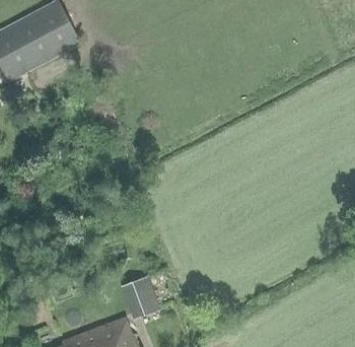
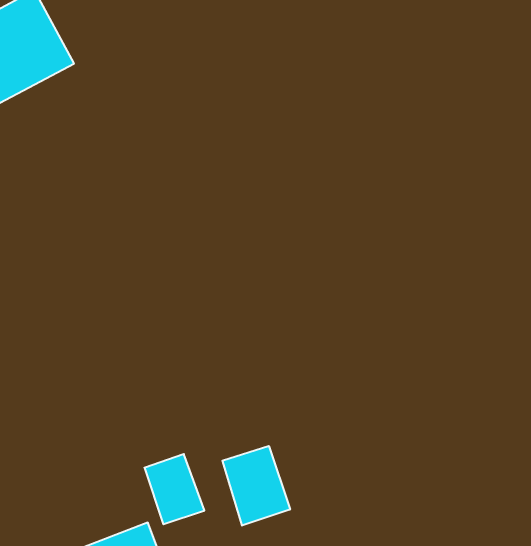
building: none -> [222,446,290,526]

